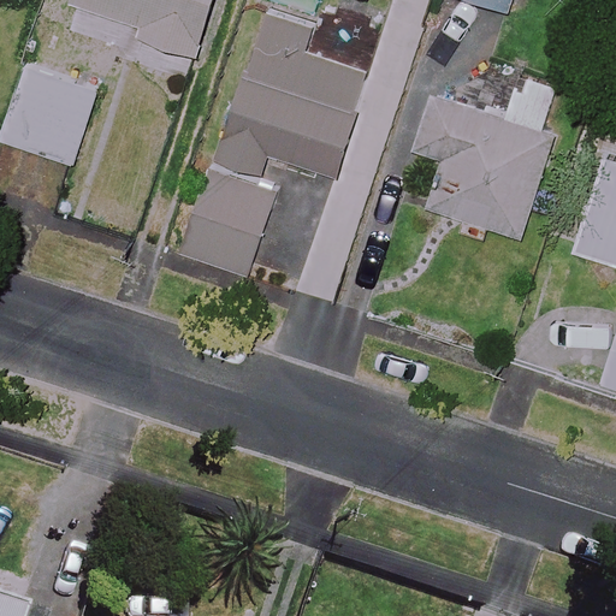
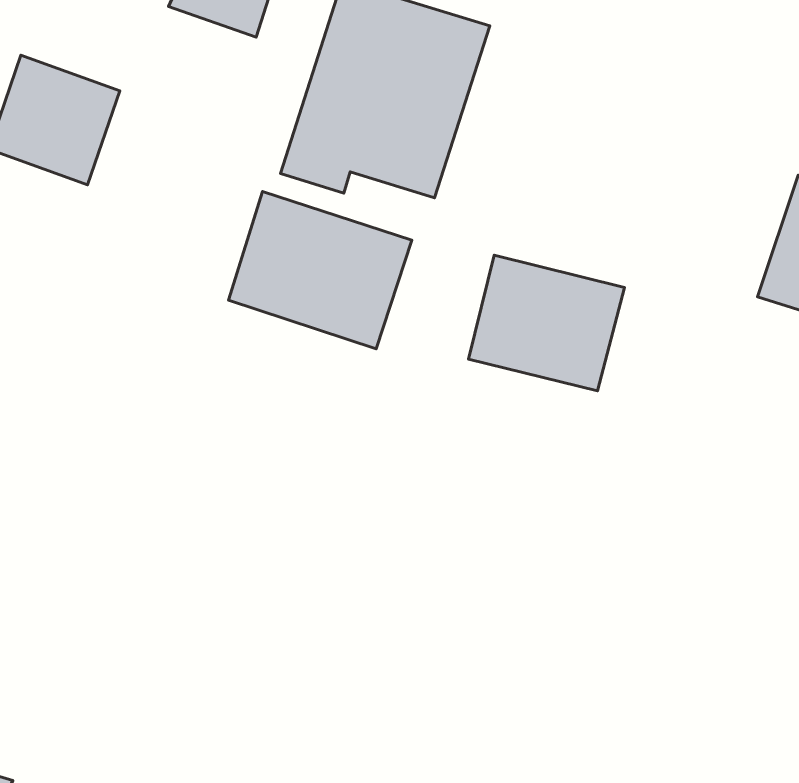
building: [407,55,562,237] -> none
building: none -> [468,255,624,391]

